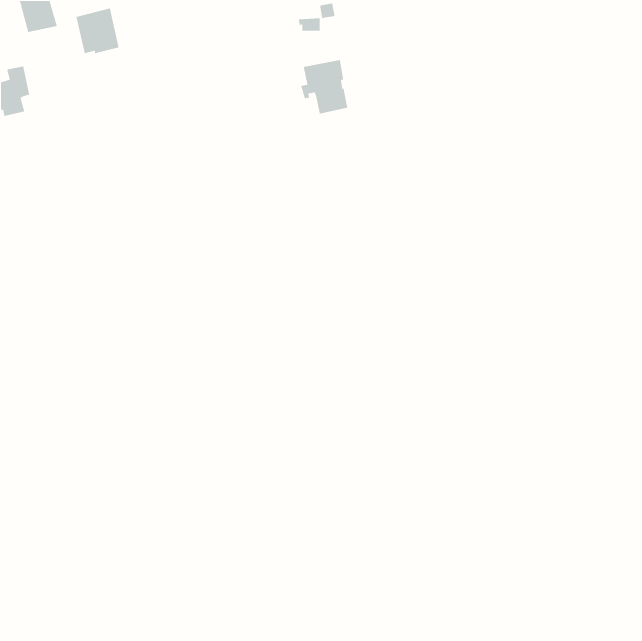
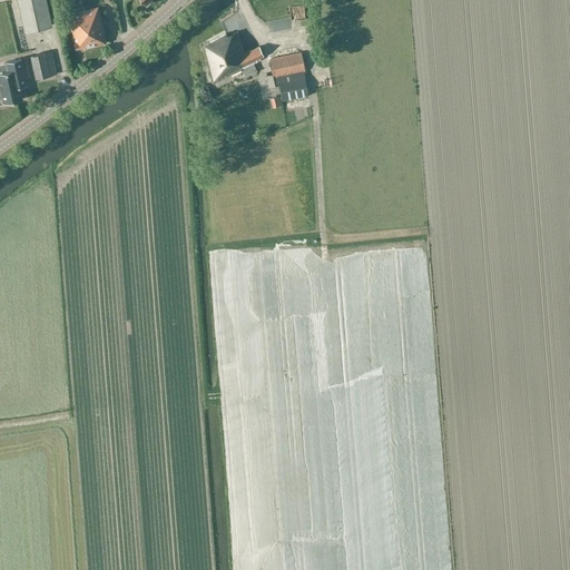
building: none -> [204,32,264,83]
building: none -> [30,51,57,80]

